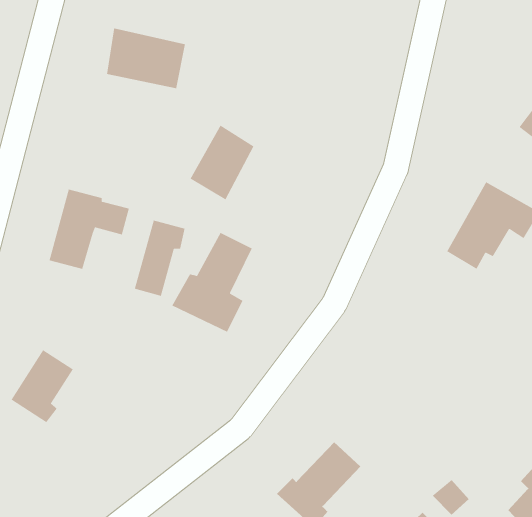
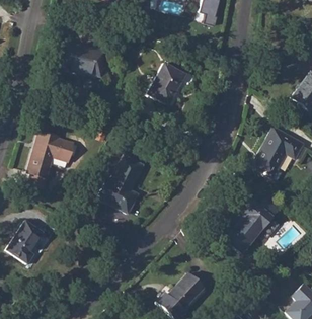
building: [190,125,255,200] -> [148,63,184,105]
building: [134,219,186,297] -> none
building: none -> [225,201,272,254]

